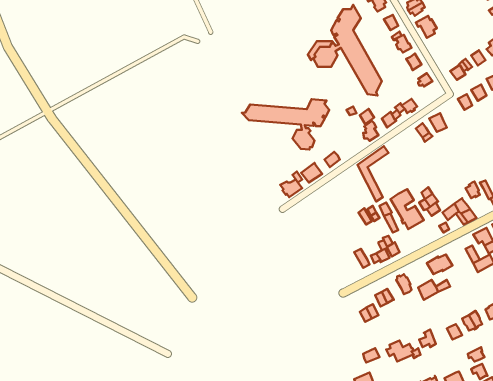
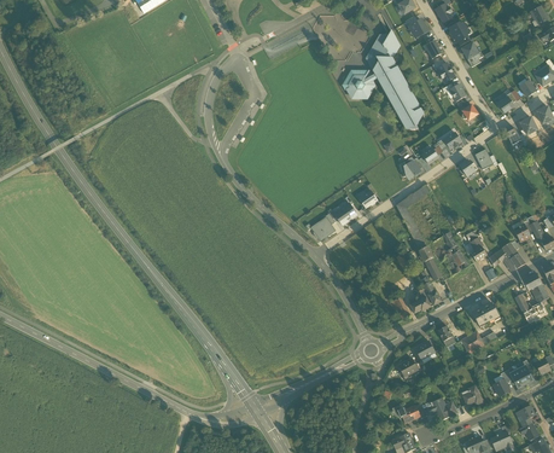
building: [242,99,329,150] -> none

